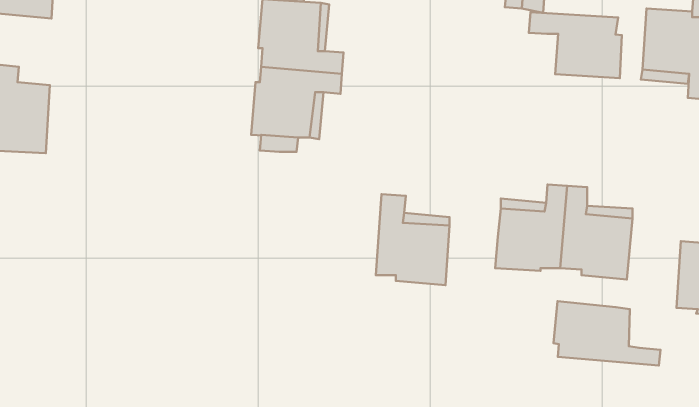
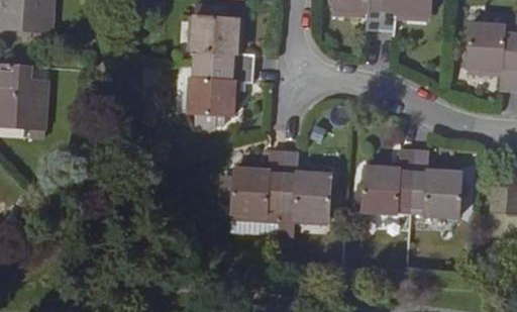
building: [529,12,622,78] -> none
building: none -> [229,157,280,218]
building: [554,301,661,366] -> none

